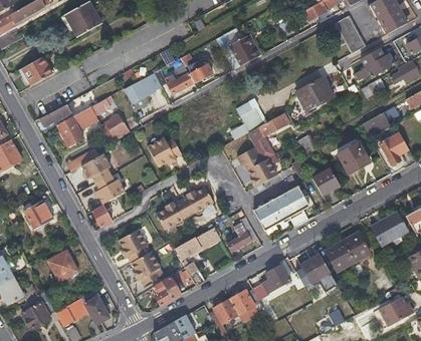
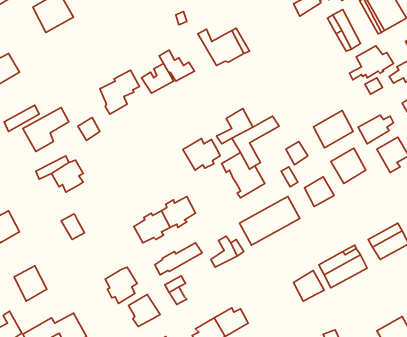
building: [296,78,333,112] -> [314,110,353,148]
building: [148,137,182,166] -> [183,138,220,170]
building: [94,175,125,204] -> none
building: [118,229,147,263] -> none
building: [253,265,291,301] -> none

